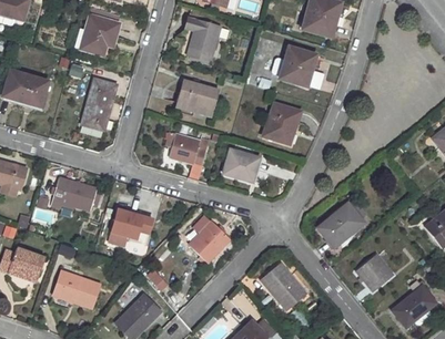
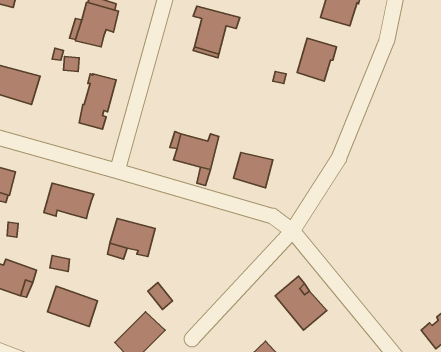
building: [176,79,218,115] -> none
building: [263,103,301,143] -> none
building: [318,205,364,247] -> none
building: [189,220,230,263] -> none
building: [356,254,393,290] -> none

